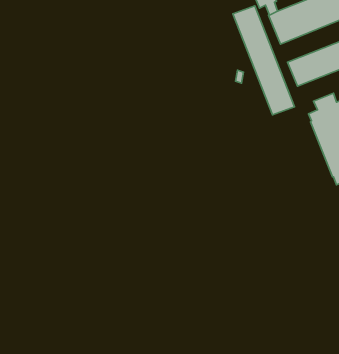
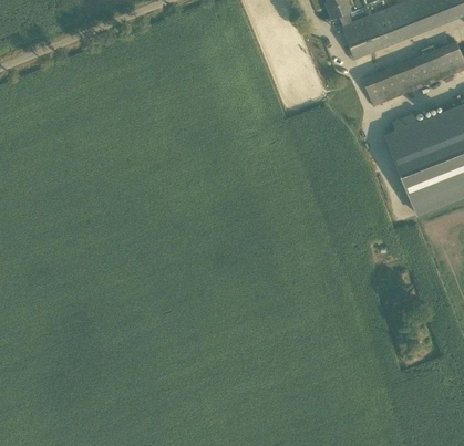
building: [233,6,295,115] -> none

